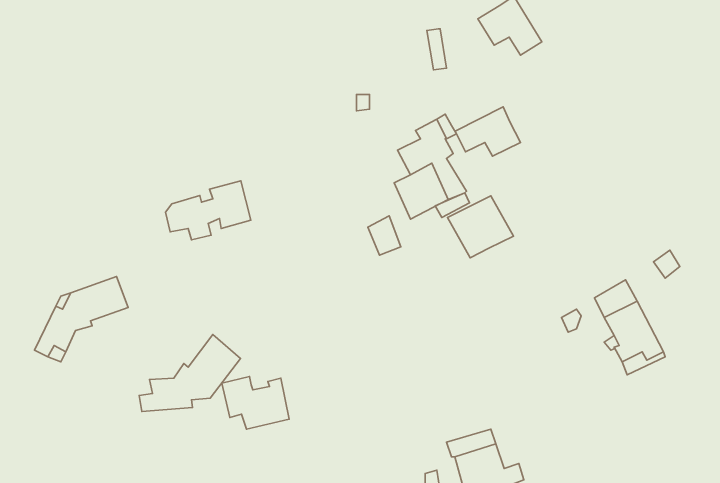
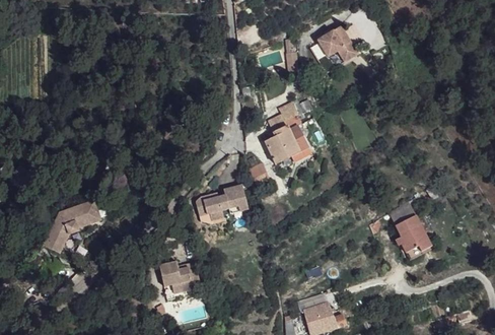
building: [455,107,520,156] -> none
building: [165,181,251,240] -> [196,184,249,220]
building: [447,196,514,258] -> none
building: [139,334,241,411] -> none

